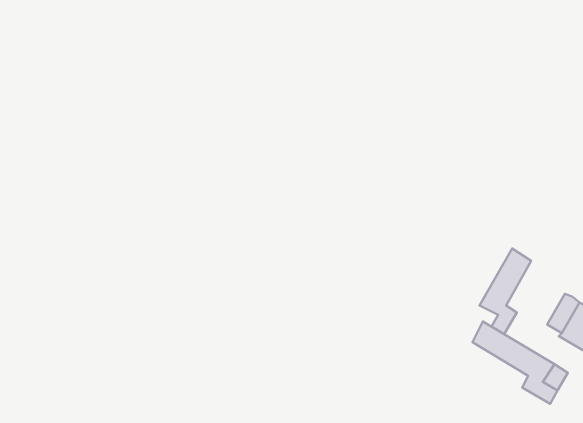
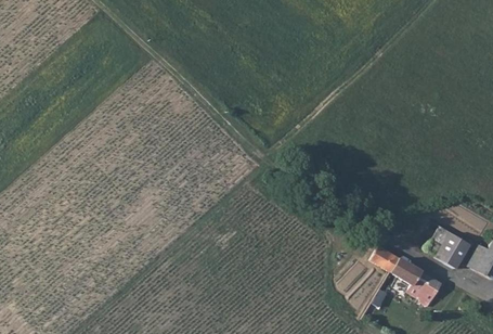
building: [480,248,531,334] -> none

